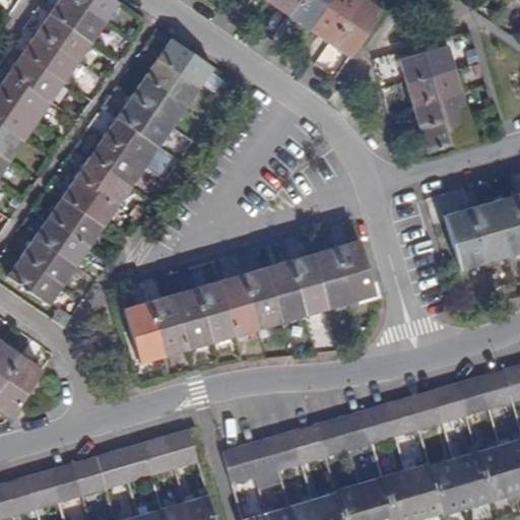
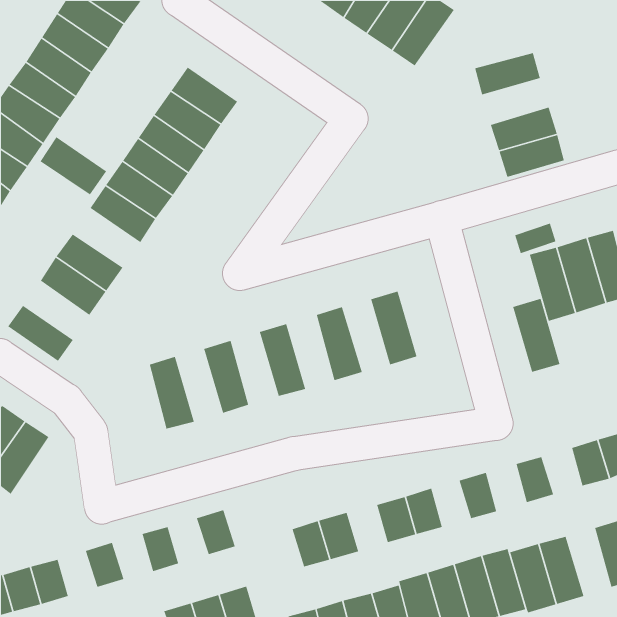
building: [158,38,214,86] -> none
building: [405,67,462,106] -> none
building: [62,176,119,225] -> [39,136,107,195]
building: [20,237,76,286] -> none
building: [335,238,376,301] -> [512,298,560,373]
building: [288,252,328,314] -> none
building: [242,265,281,328] -> none
building: [195,279,235,341] -> none
building: [148,294,188,355] -> none
building: [456,377,490,416] -> none
building: [409,390,443,431] -> none
building: [364,404,396,444] -> none
building: [292,425,326,464] -> none
building: [142,436,176,474] -> none
building: [476,444,514,502] -> none
building: [222,445,256,484] -> none
building: [95,449,129,488] -> none
building: [50,463,82,502] -> none

